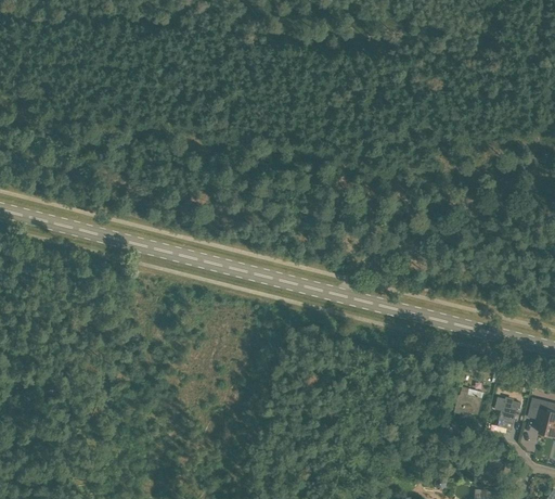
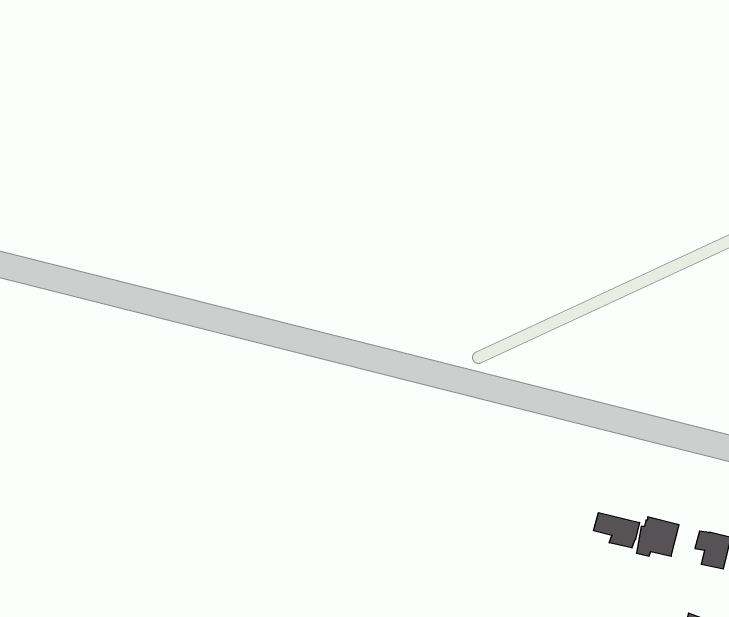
building: none -> [594,513,640,548]

